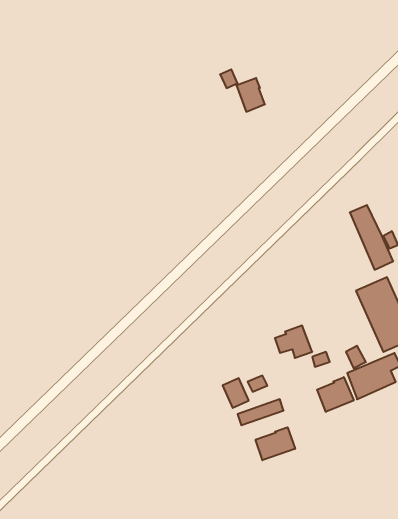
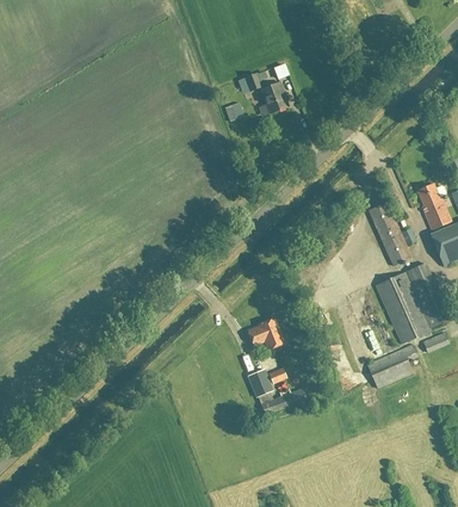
building: [275,326,312,358] -> [248,319,284,350]
building: [317,377,354,412] -> none
building: [256,427,295,460] -> none

